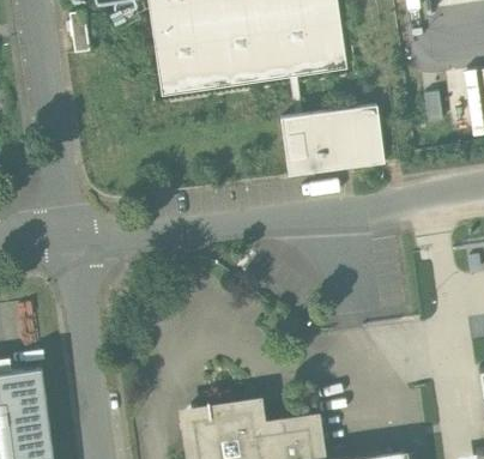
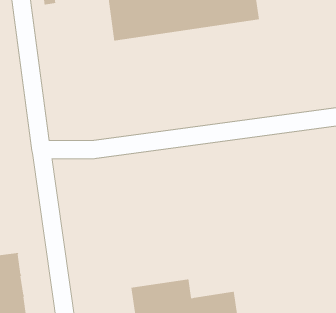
building: [282,103,385,173] -> none

